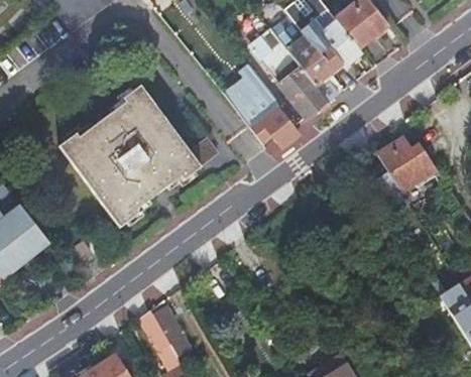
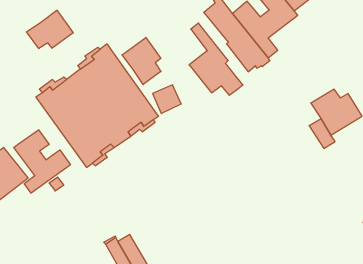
building: none -> [26,10,73,49]
building: none -> [122,37,161,85]
building: none -> [14,130,70,193]

